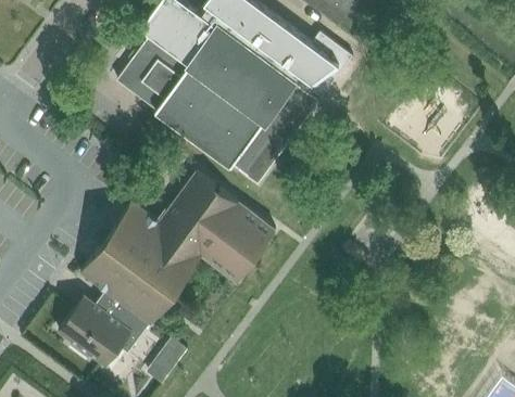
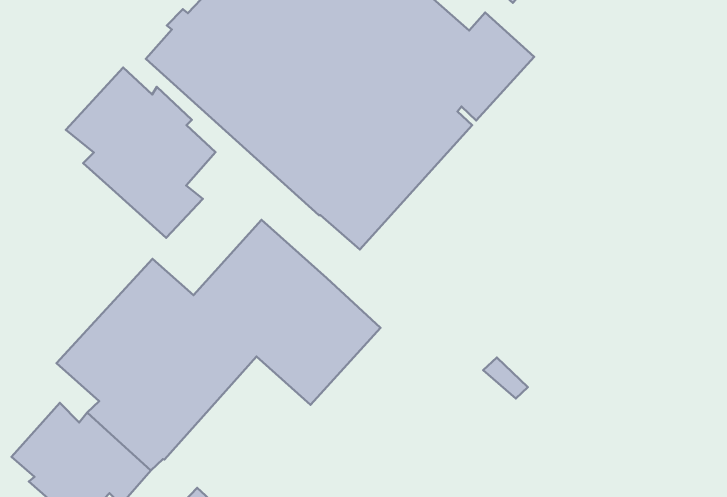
building: none -> [66,67,215,238]

